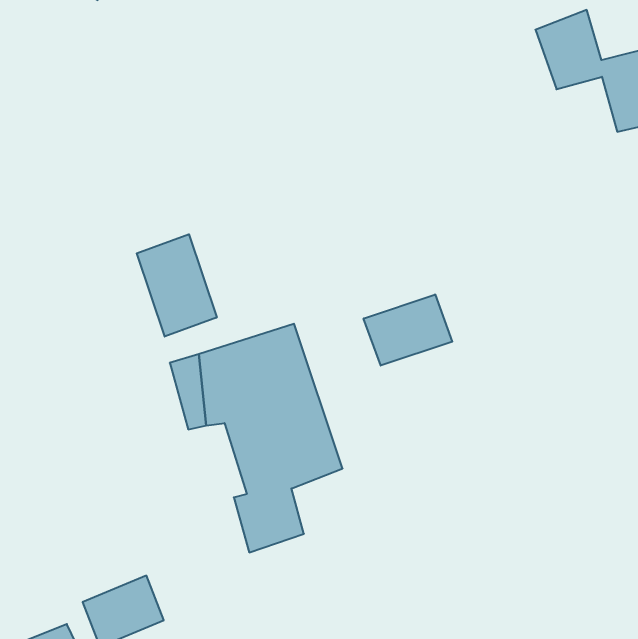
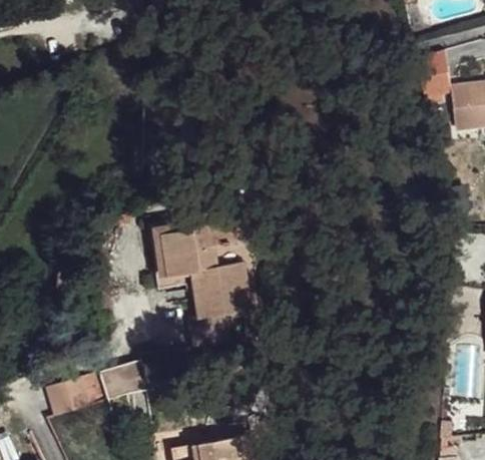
building: [137,234,217,337] -> none
building: [364,294,452,366] -> none

